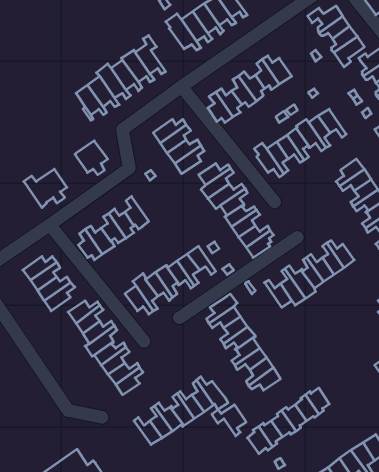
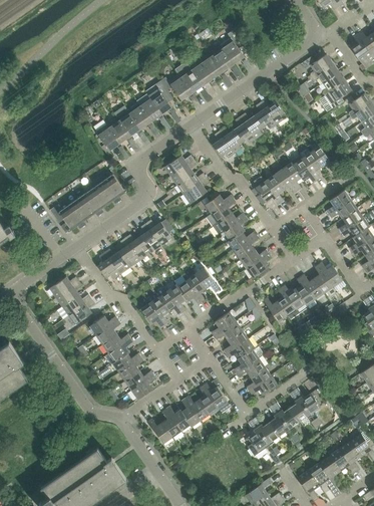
building: none -> [160,74,196,100]
building: none -> [77,184,106,217]
building: none -> [145,219,172,245]
building: [212,405,246,436] -> none

